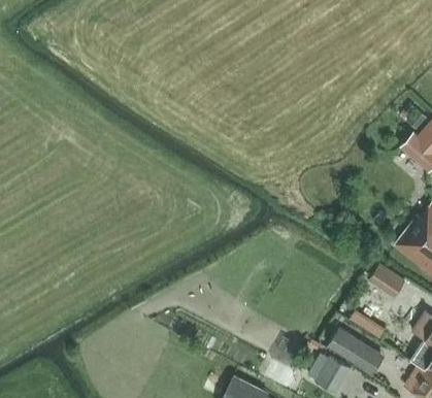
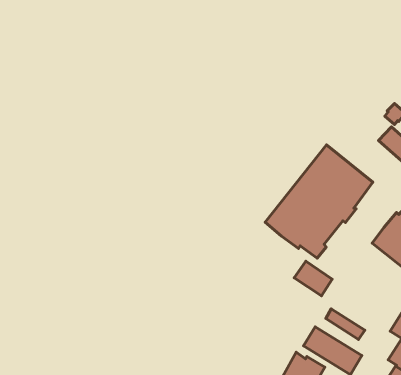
building: none -> [265,145,373,258]
building: [367,262,404,296] -> [294,261,332,296]

